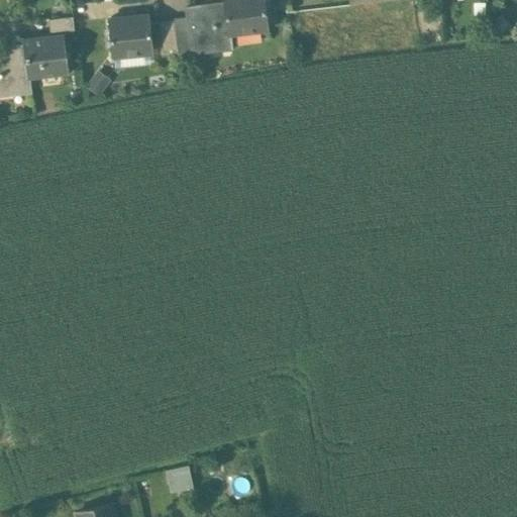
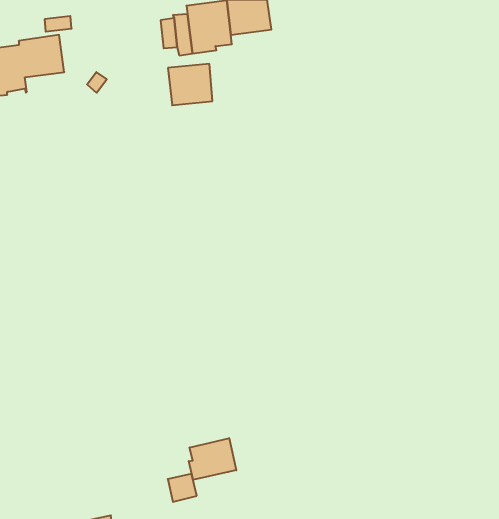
building: [110,17,153,58] -> [168,64,212,105]
building: none -> [189,438,236,480]

